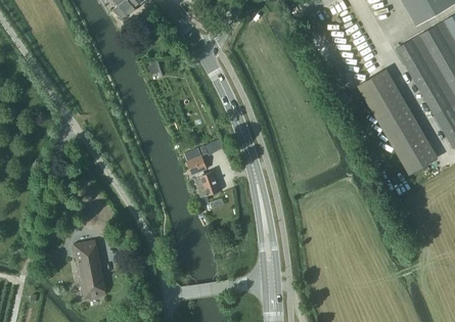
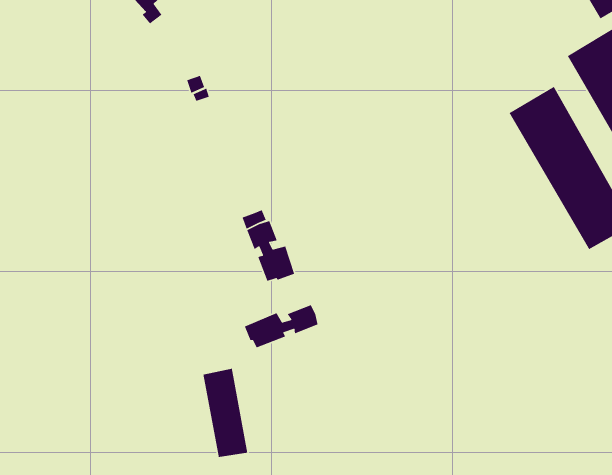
building: none -> [244,304,319,349]
building: [73,239,102,297] -> [202,368,248,458]

